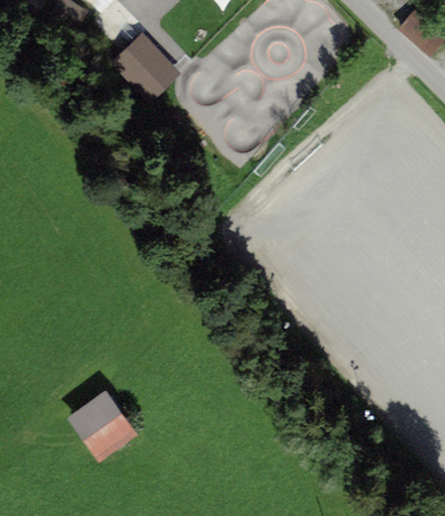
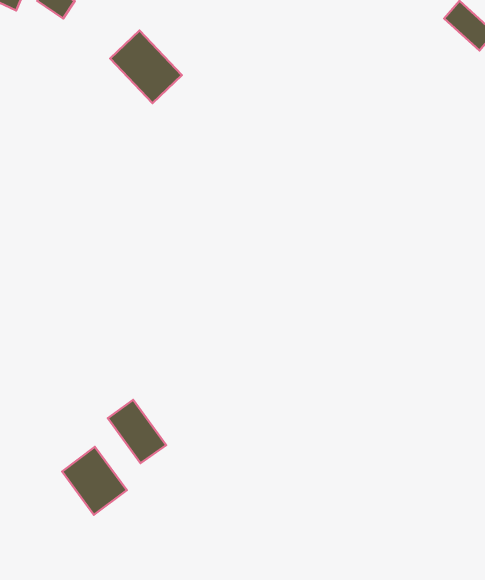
building: none -> [108,400,166,463]

